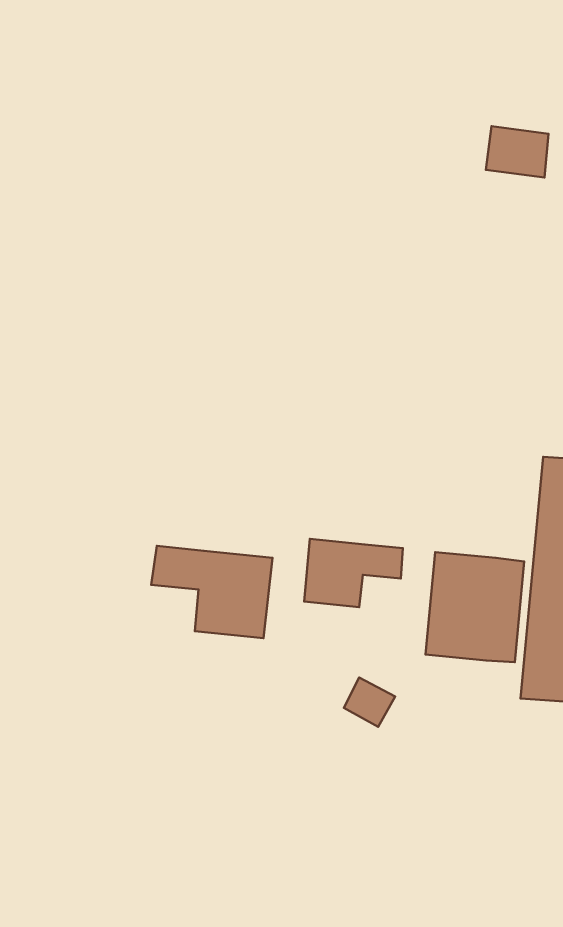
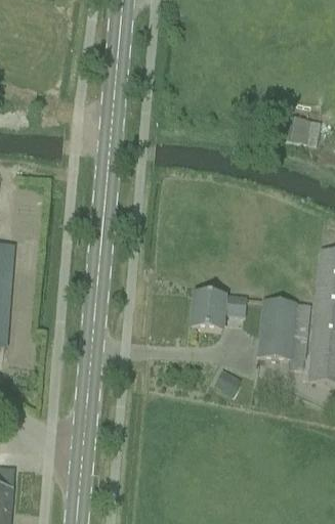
building: [486,126,548,177] -> [287,117,321,144]
building: [151,546,273,638] -> none

